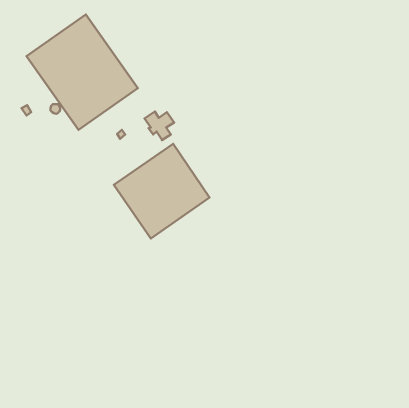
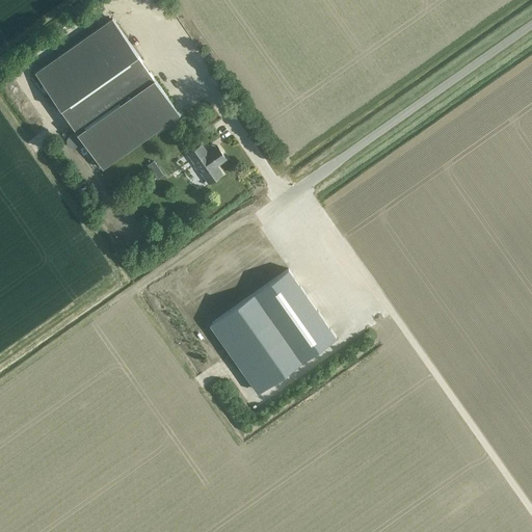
building: [114,144,209,239] -> [211,270,335,393]

